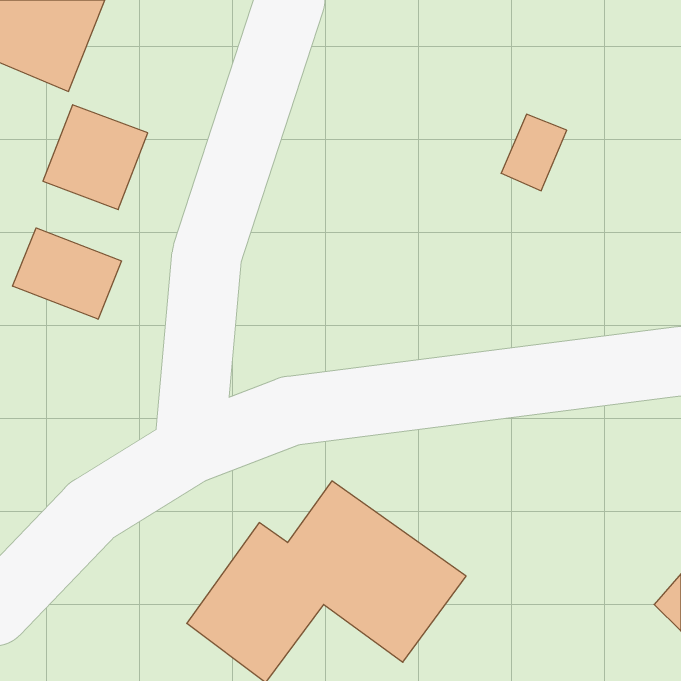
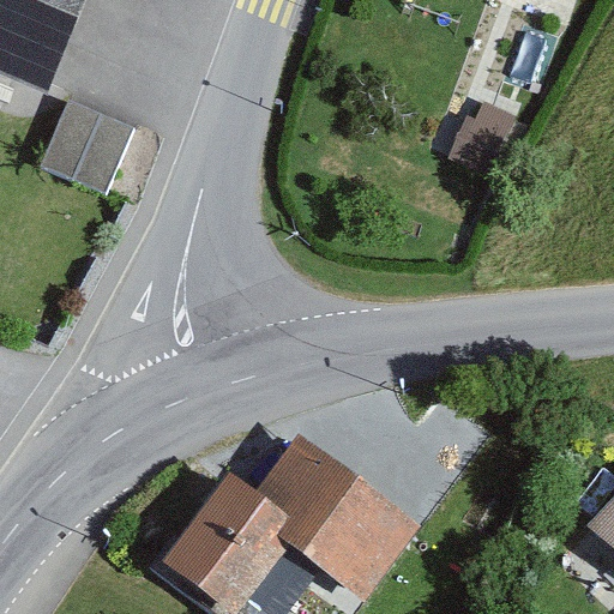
building: [13,228,122,319] -> none

